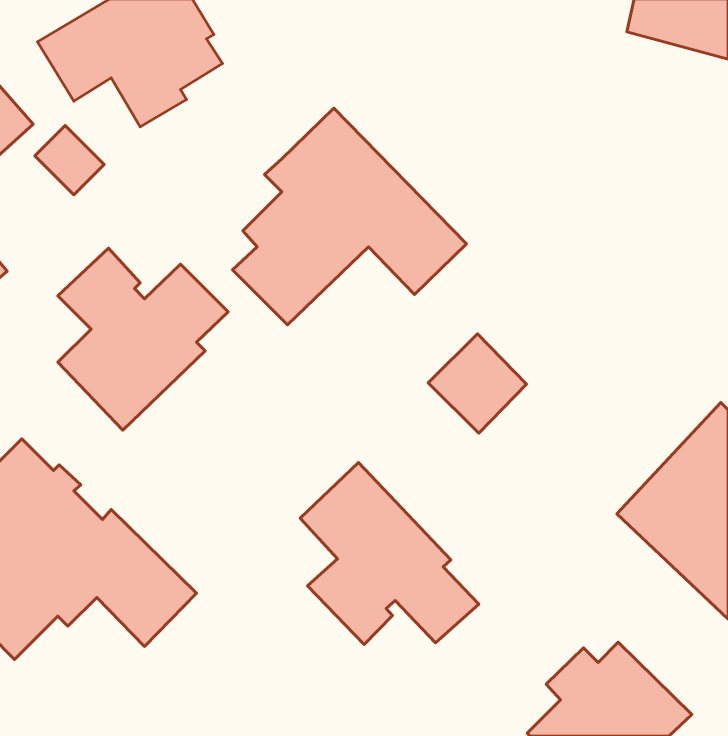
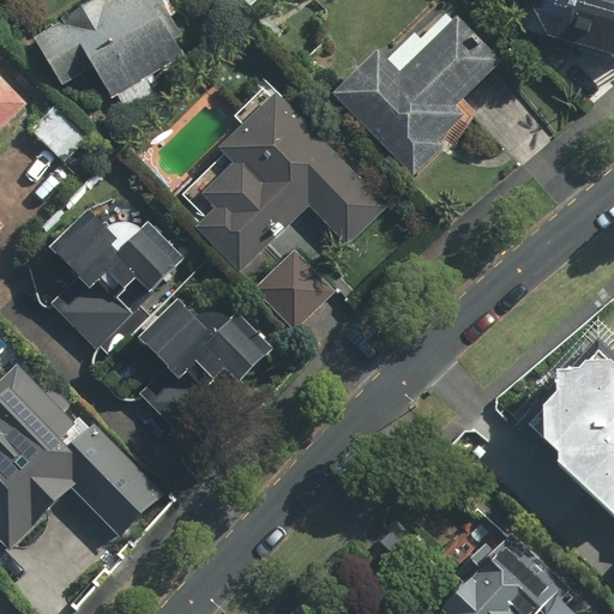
building: none -> [331,13,496,175]
building: [428,334,526,433] -> [251,246,332,329]
building: none -> [136,295,284,438]
building: [300,462,479,644] -> none

